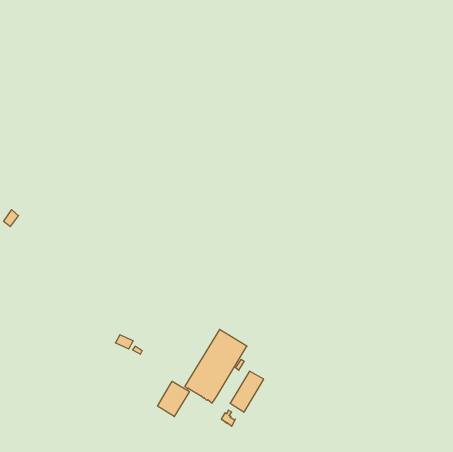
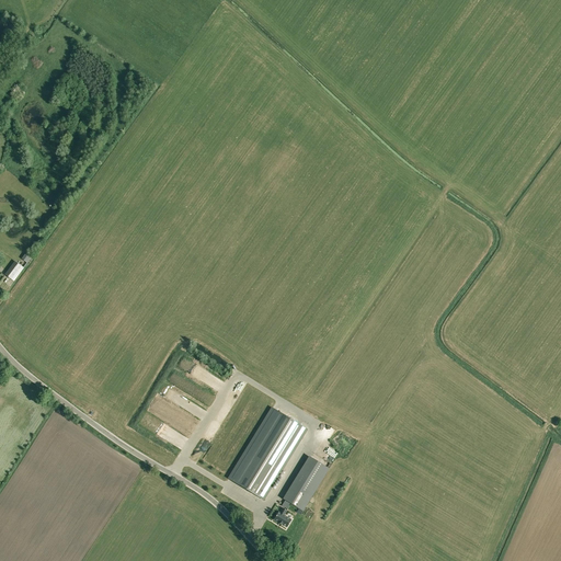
building: [158,381,189,417] -> none

